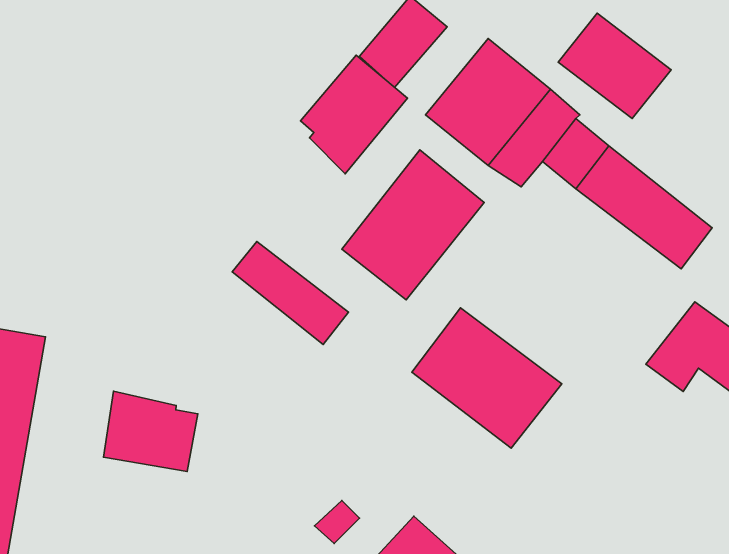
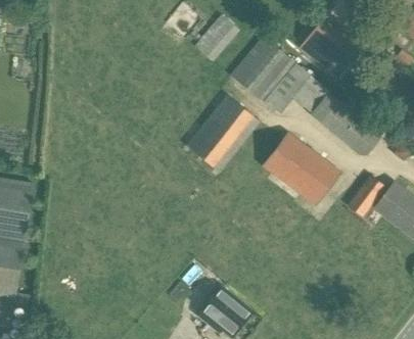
building: [300,55,407,174] -> none
building: [232,241,349,345] -> none
building: [412,308,562,448] -> [263,132,341,205]
building: [104,391,198,472] -> none

